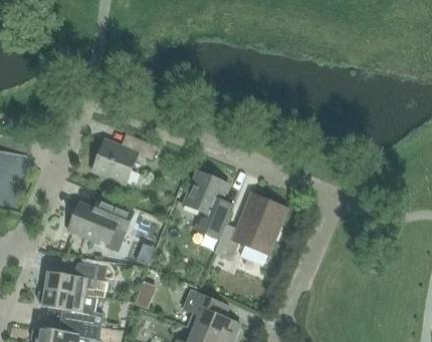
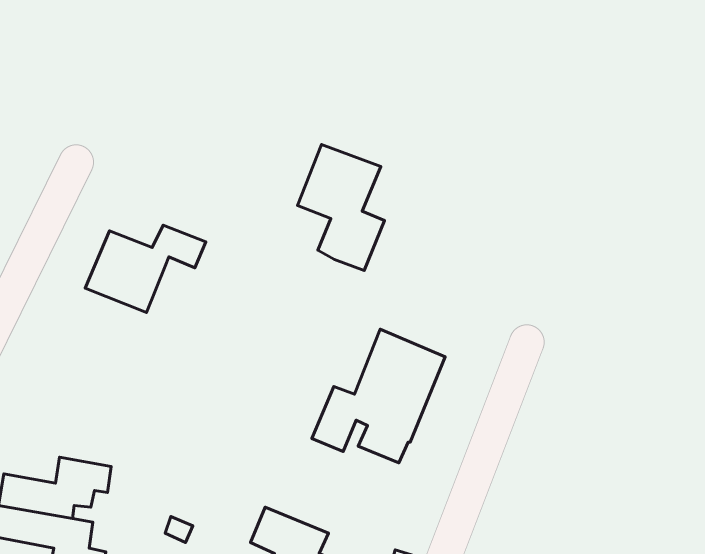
building: [183,172,230,240] -> [297,144,385,271]
building: [67,199,133,251] -> none

